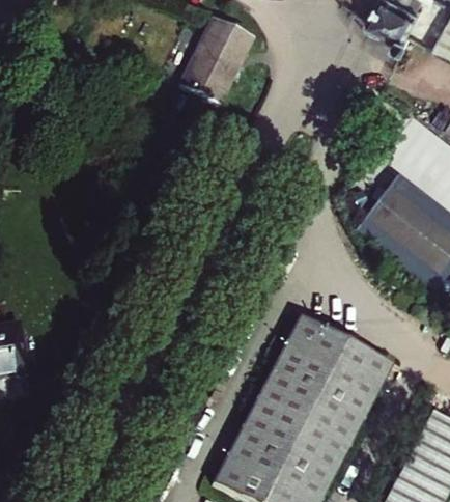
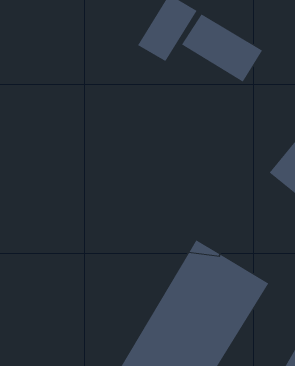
building: none -> [181,13,263,83]

